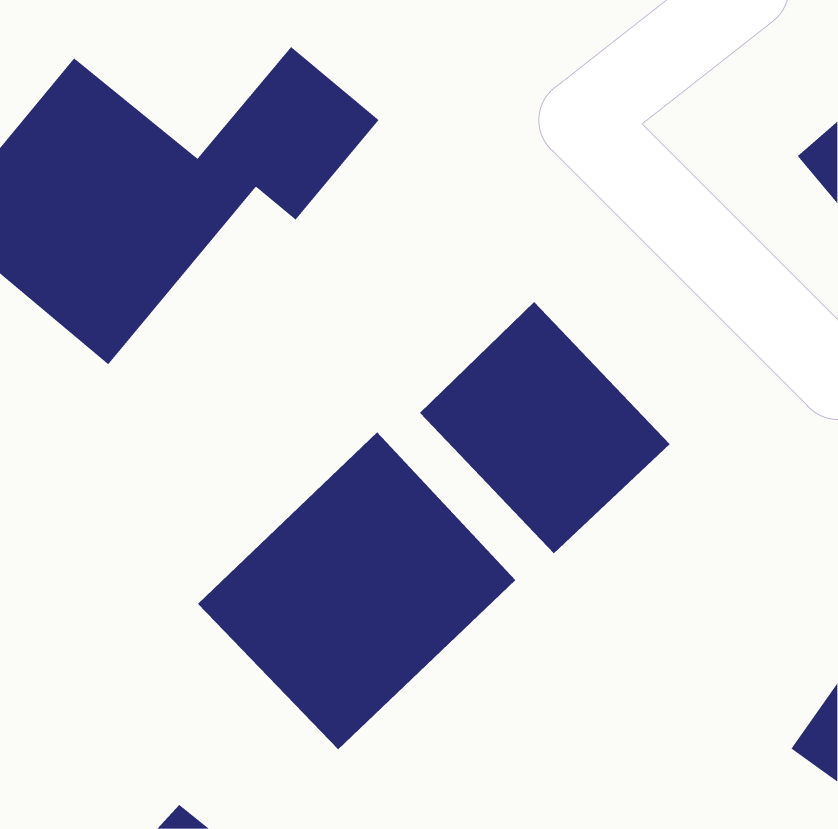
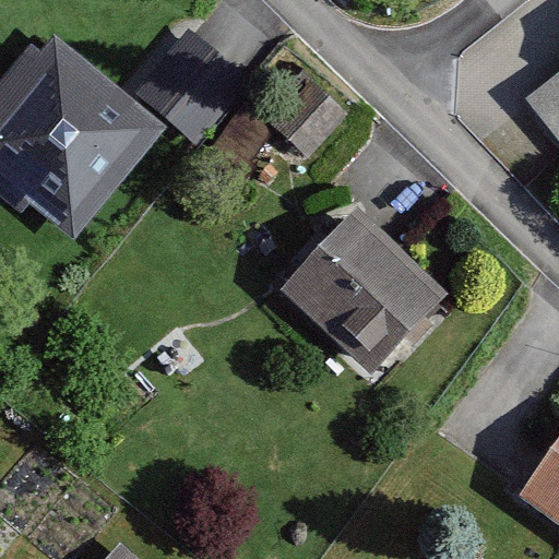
building: [197,432,516,750] -> none

